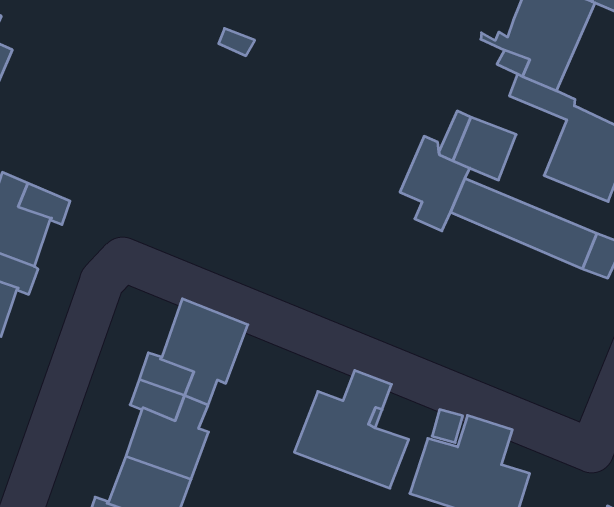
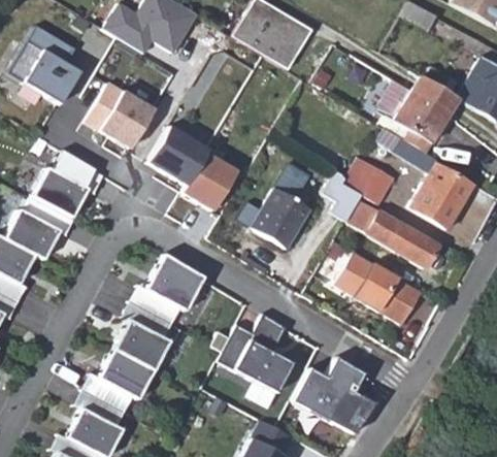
building: none -> [97,94,152,152]
building: none -> [146,130,234,214]
building: none -> [250,167,309,252]
building: none -> [333,256,420,329]

